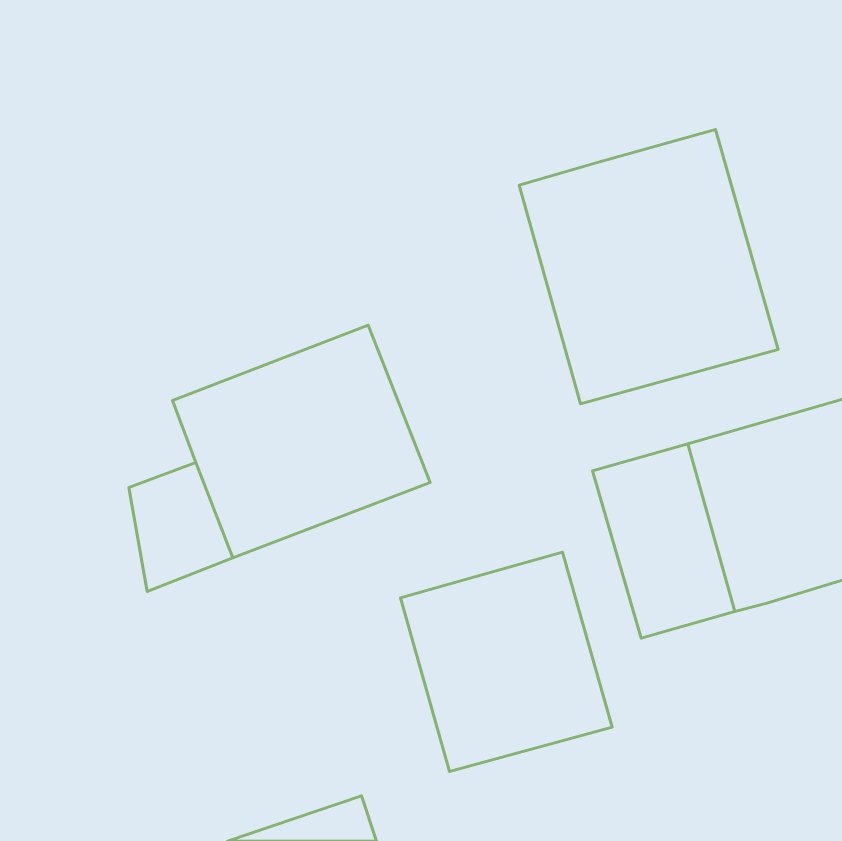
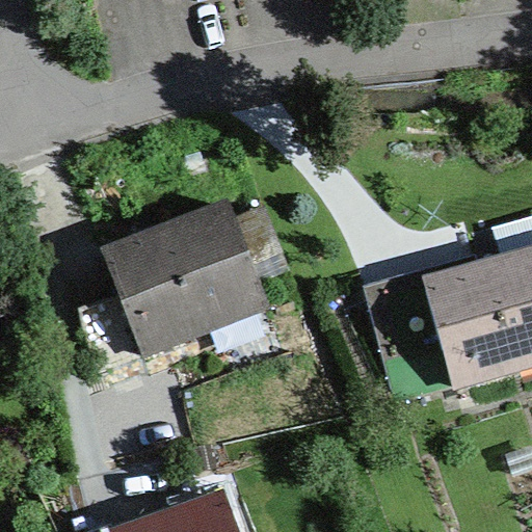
building: [519,130,778,404] -> none
building: [401,552,612,772] -> none

